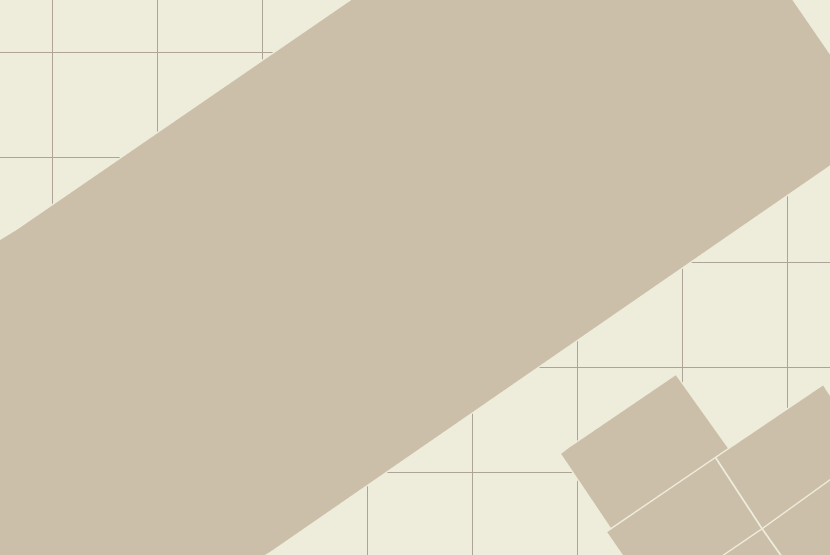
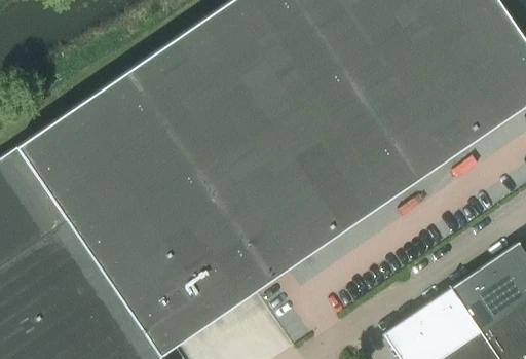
building: [560,374,729,529] -> none

